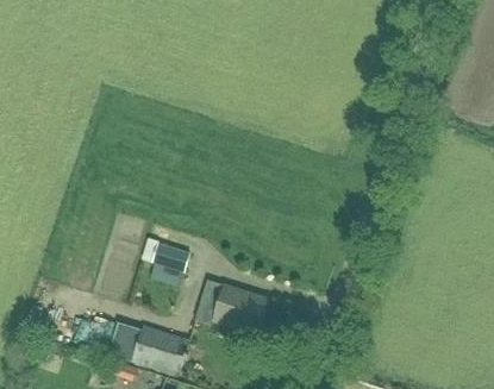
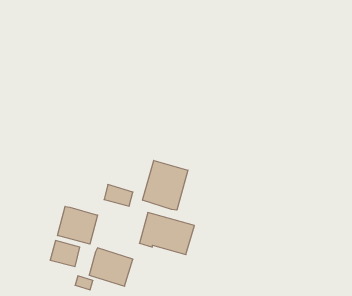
building: none -> [143,160,188,210]
building: none -> [58,206,98,244]

